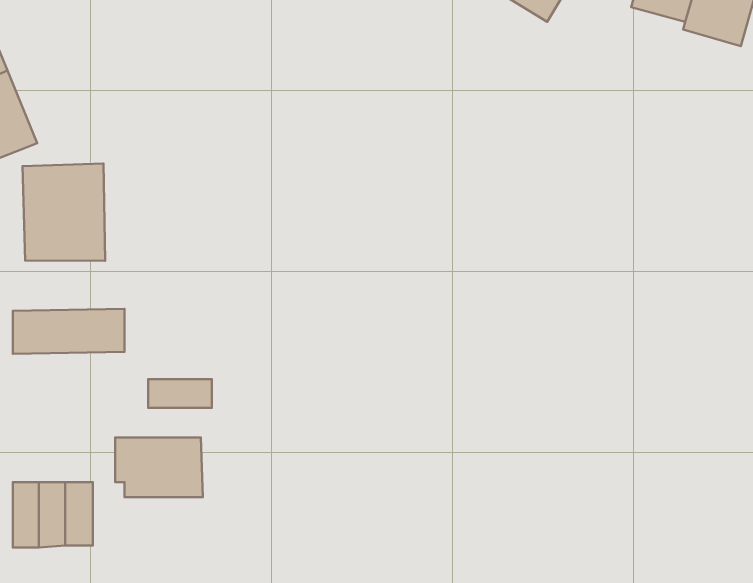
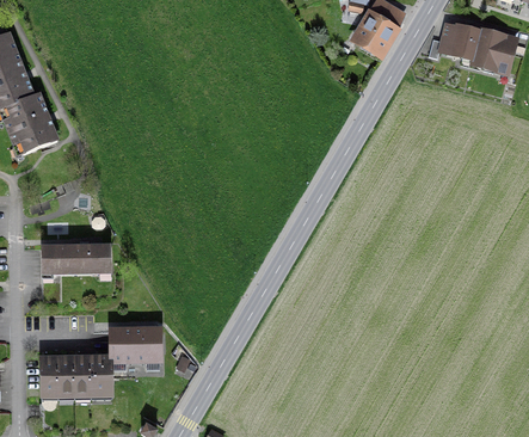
building: [22,164,105,261] -> none
building: [148,379,212,408] -> none
building: none -> [92,355,112,395]

